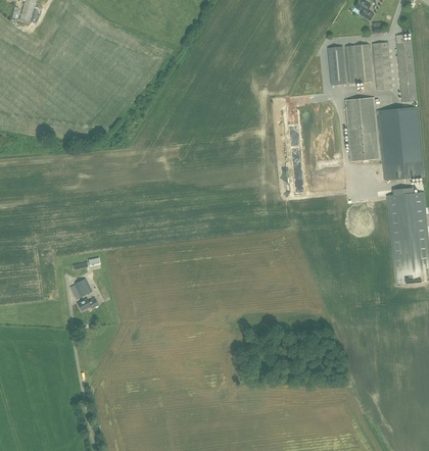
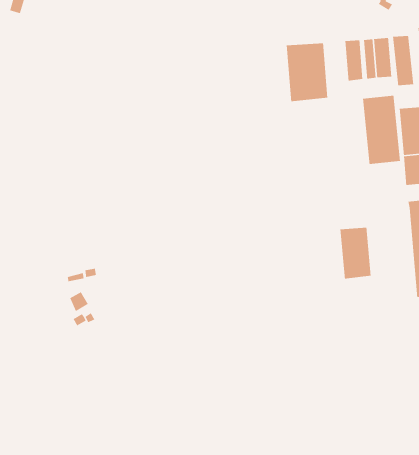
building: none -> [286,42,328,102]
building: none -> [340,227,371,280]

